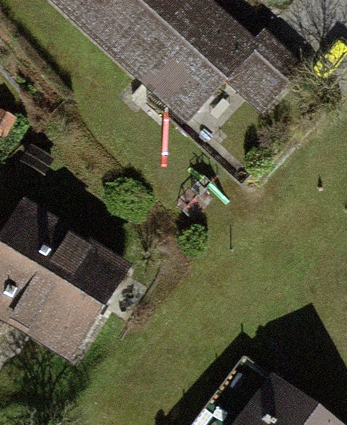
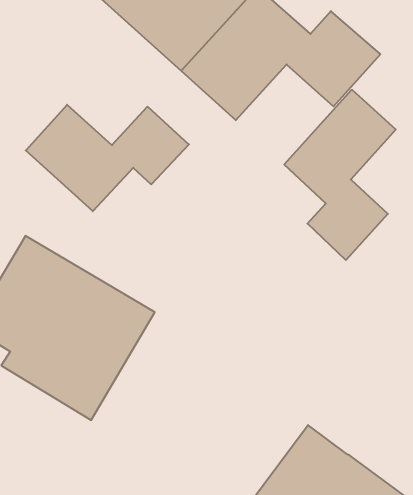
building: none -> [284,90,396,260]
building: none -> [26,105,189,211]

